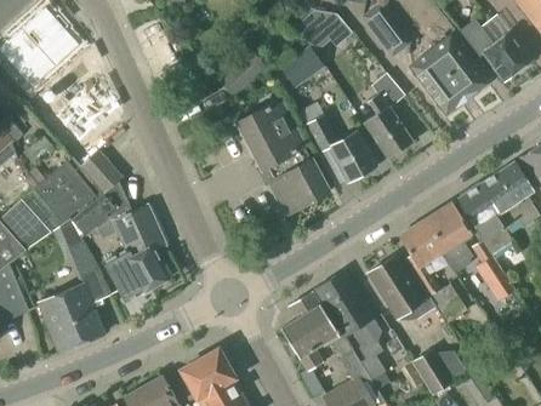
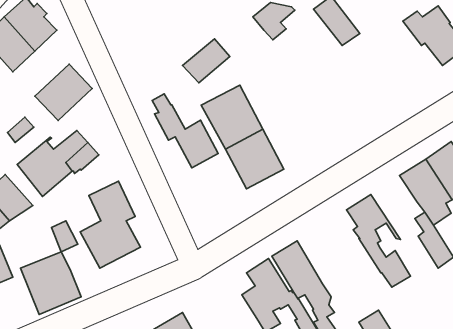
building: [410,38,484,113] -> none
building: [279,46,324,88] -> none
building: [363,73,414,159] -> none
building: [302,102,375,183] -> [152,94,218,168]
building: [72,193,118,236] -> none
building: [423,204,473,270] -> none
building: [369,257,434,319] -> none

